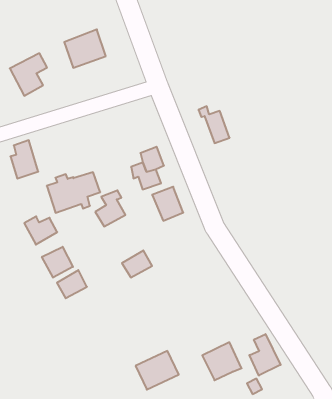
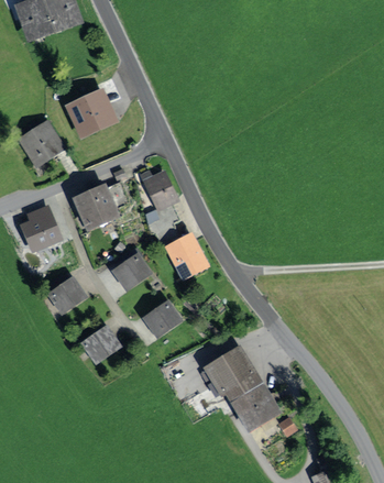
building: [198,106,230,143] -> [140,172,173,207]
building: [47,172,100,213] -> [77,183,130,226]
building: [42,247,73,278] -> none
building: [249,334,281,376] -> none
building: [136,351,179,390] -> [208,351,251,391]

